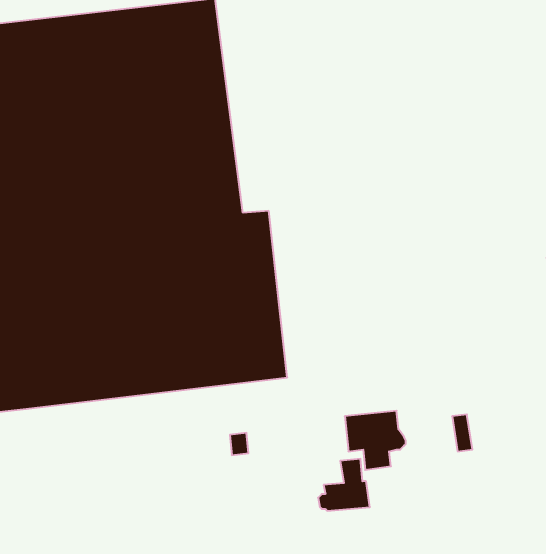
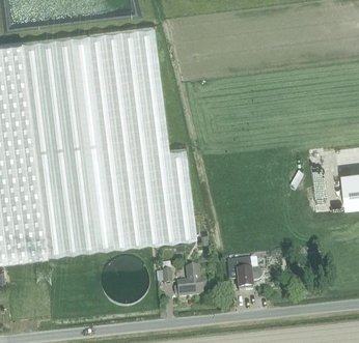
building: [318,459,370,511] -> [173,269,202,298]

